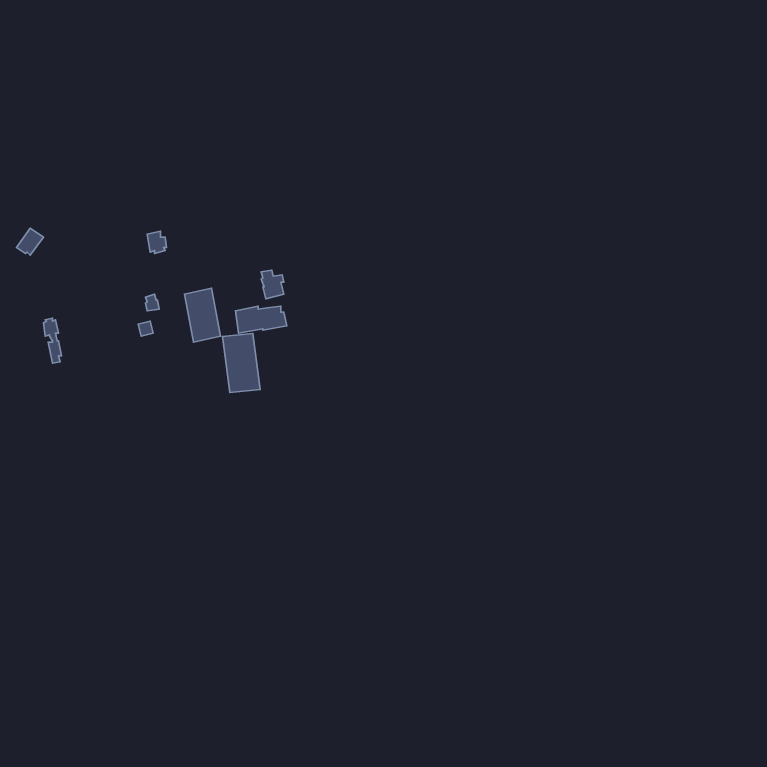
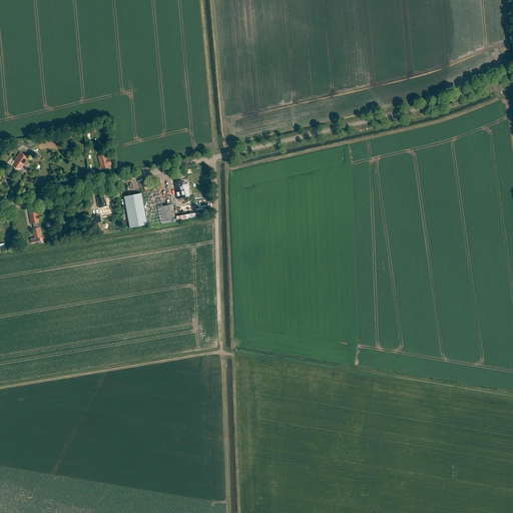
building: [222,334,260,392] -> none

